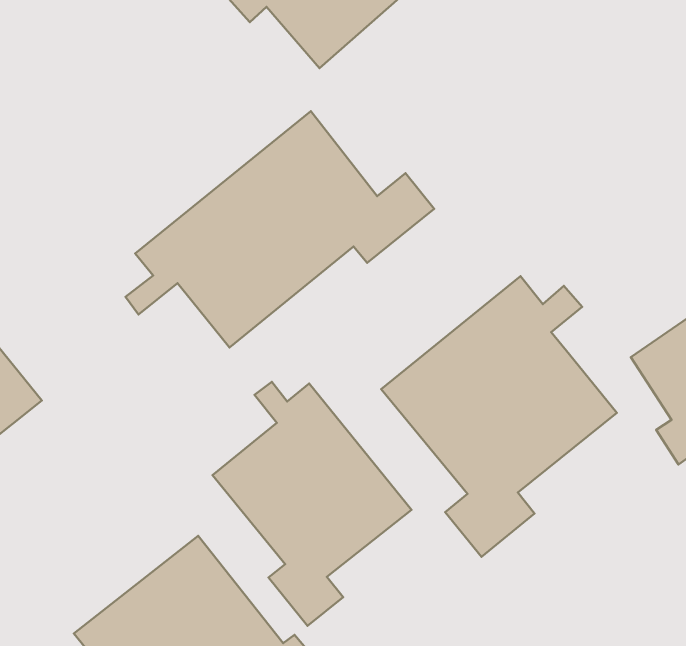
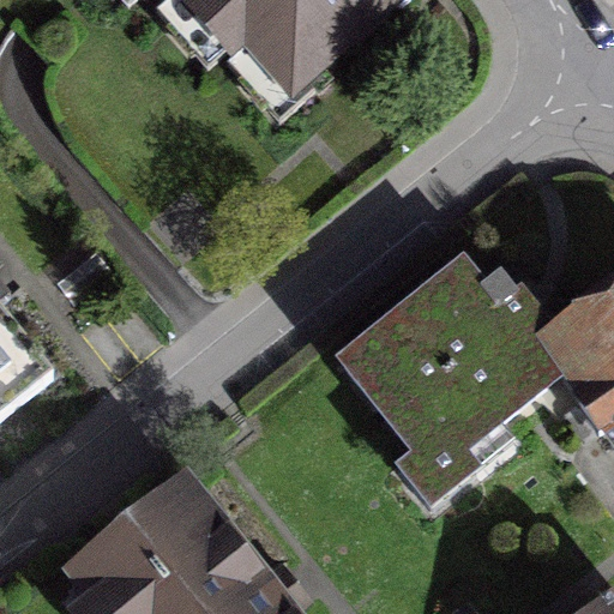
building: [126,111,434,347] -> none
building: [212,382,411,626] -> none

